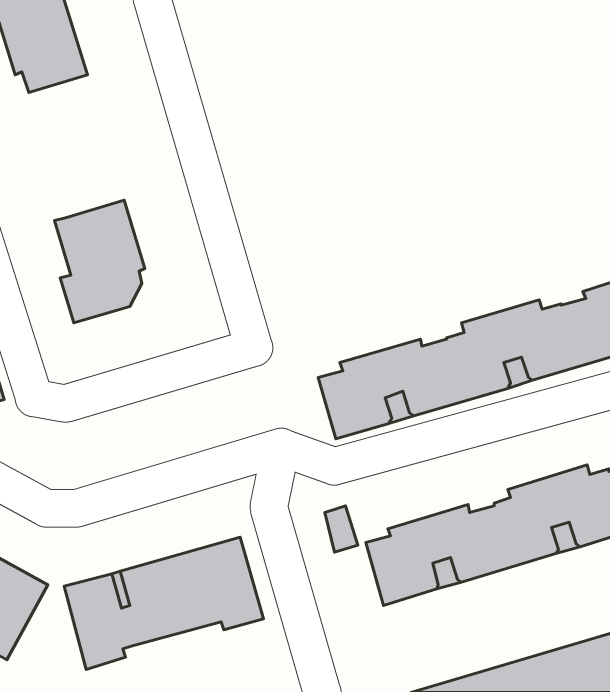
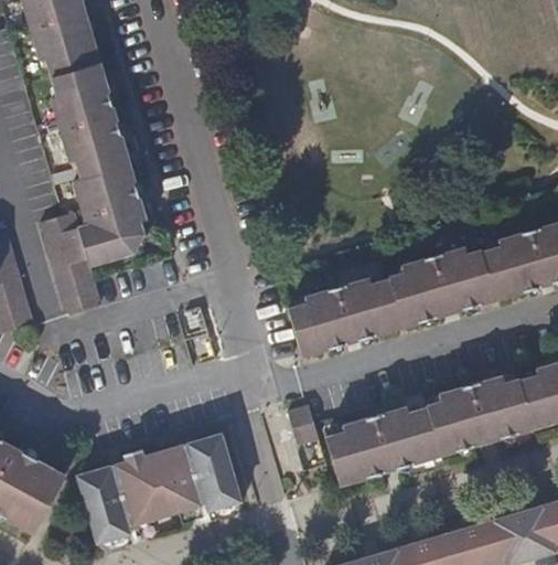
building: none -> [51,61,129,177]
building: none -> [43,212,100,311]

